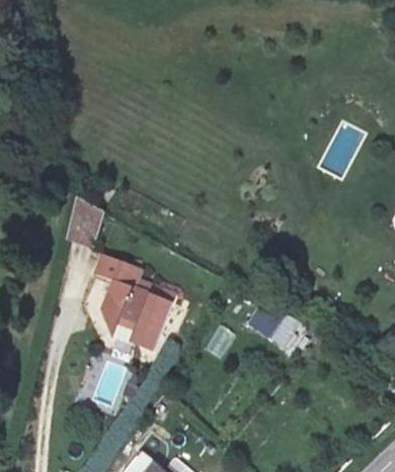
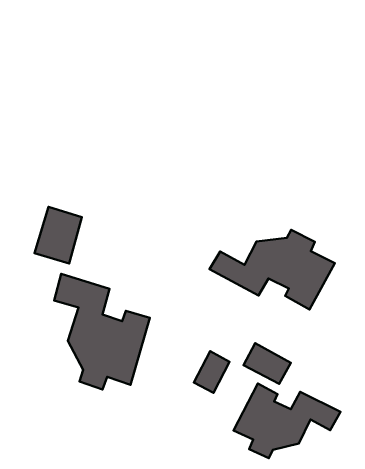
building: none -> [210,230,335,309]
building: none -> [234,384,340,458]

